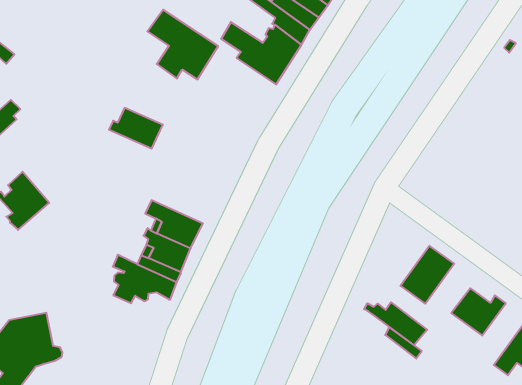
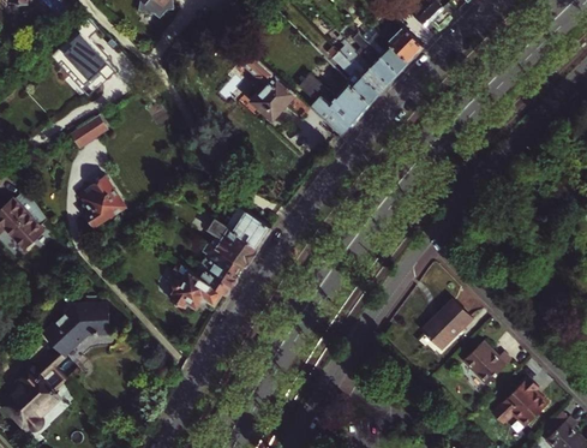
building: [109,108,163,149] -> [222,208,270,247]
building: [364,302,427,345] -> none

